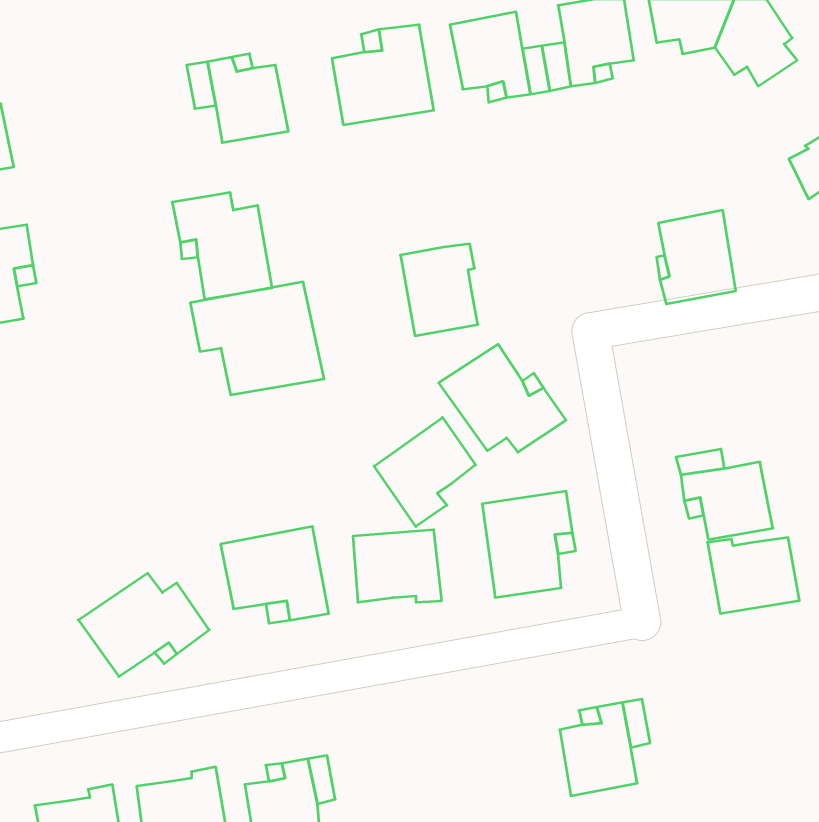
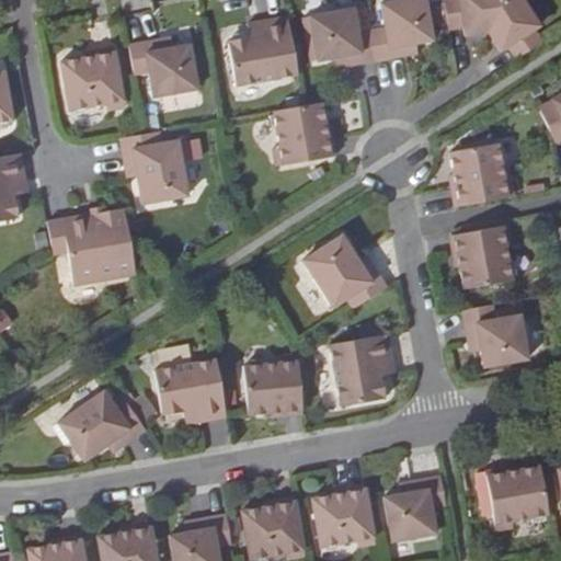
building: none -> [61,51,124,105]
building: [400,244,478,336] -> [274,103,327,165]
building: [190,282,324,395] -> [48,207,139,284]
building: none -> [449,228,507,289]
building: [374,417,476,527] -> none
building: [707,538,799,613] -> [485,467,548,518]
building: none -> [312,483,373,540]
building: none -> [241,496,304,553]

